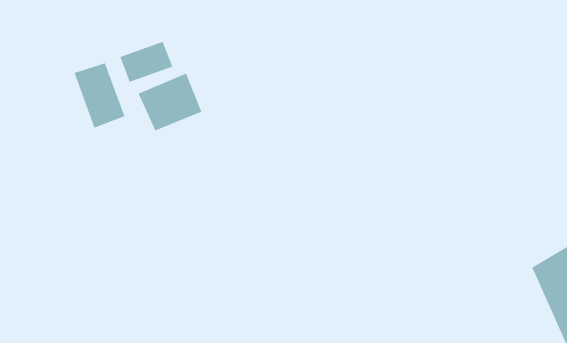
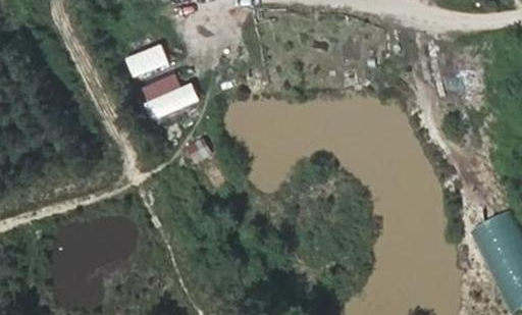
building: [74,62,125,128] -> none

